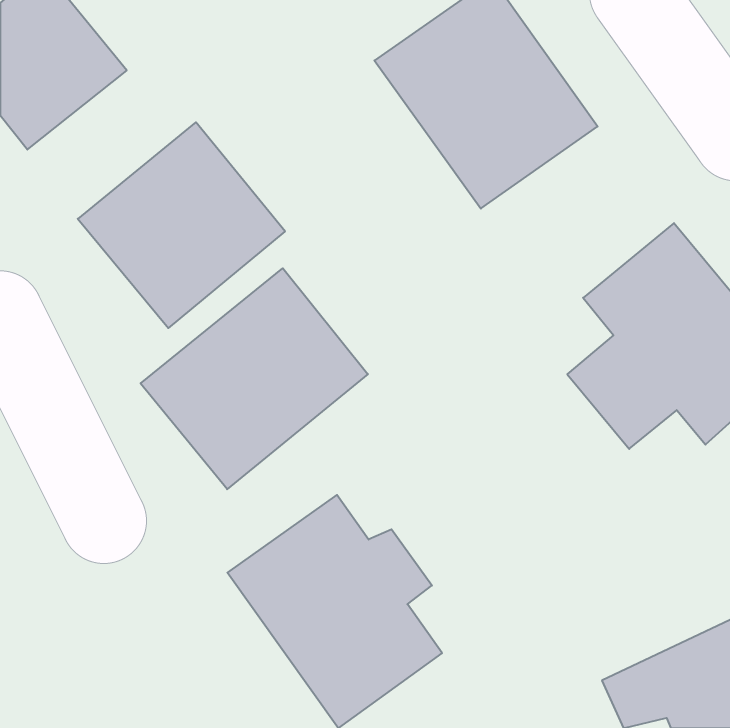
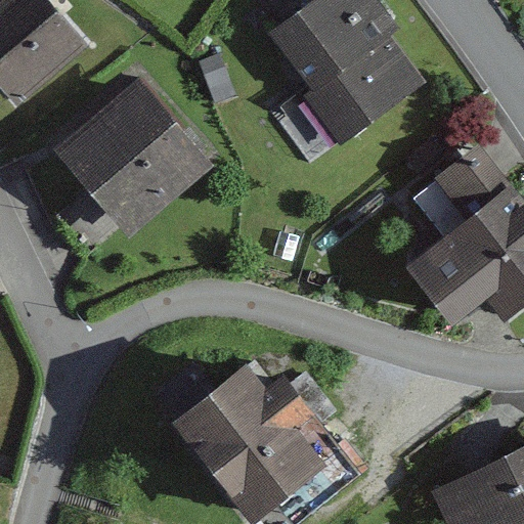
building: [141,268,368,489] -> none

